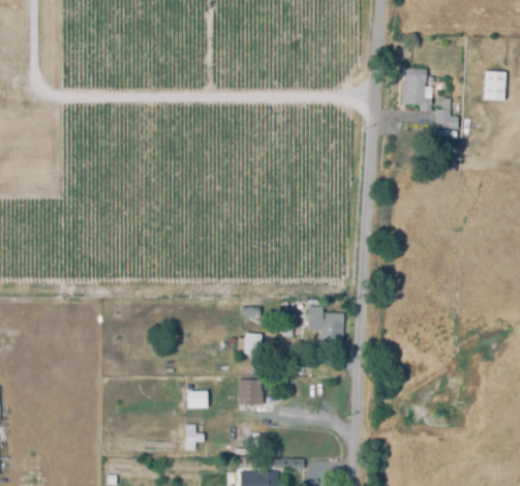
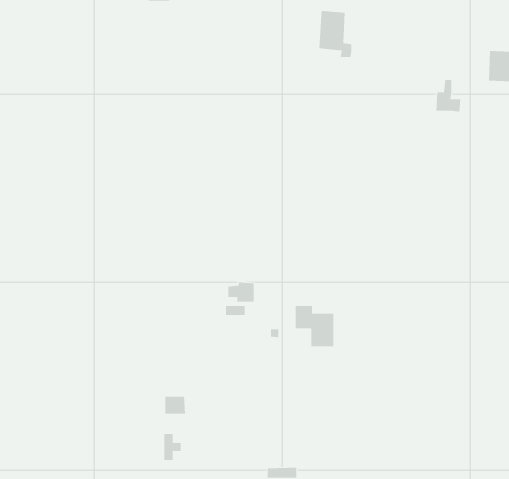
building: [400,68,431,112] -> [318,10,352,58]
building: [239,333,264,352] -> [228,282,255,302]
building: [243,378,262,409] -> none

